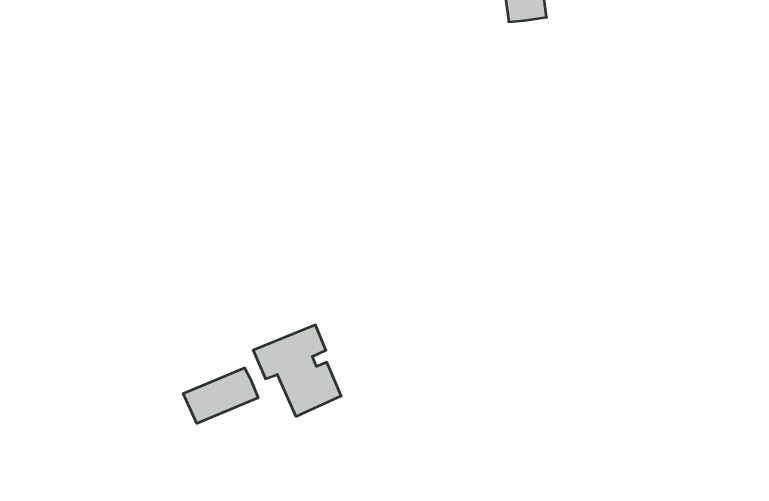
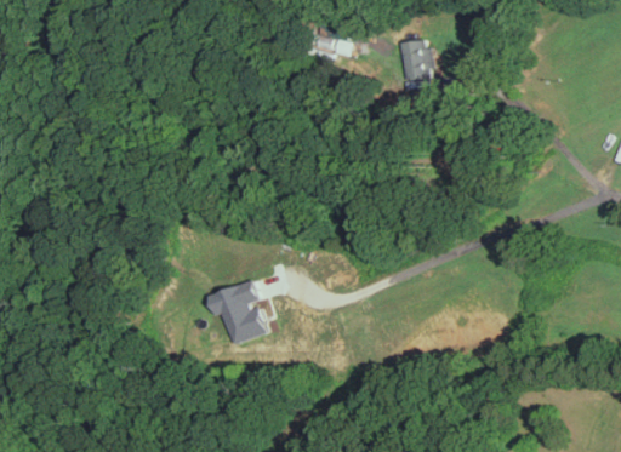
building: [183,368,258,423] -> none

